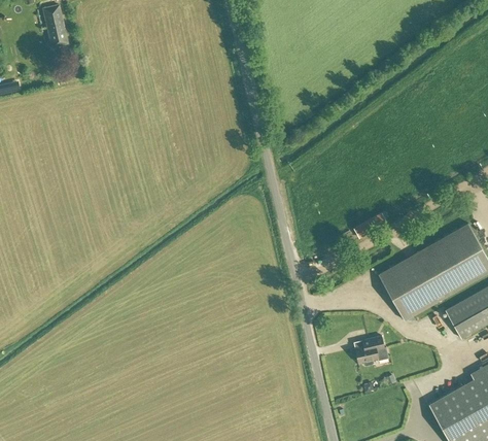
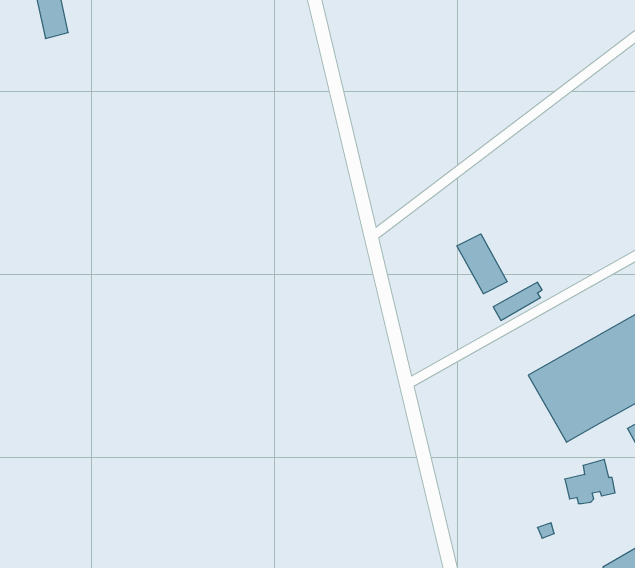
building: none -> [457,234,507,294]
building: [354,335,388,365] -> [565,459,615,504]

